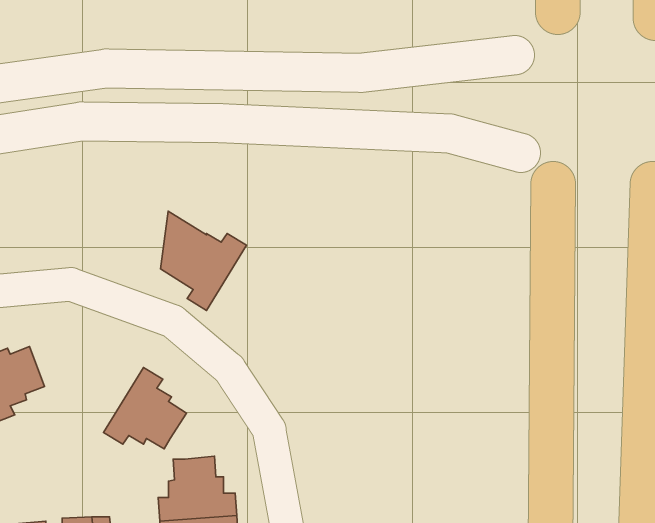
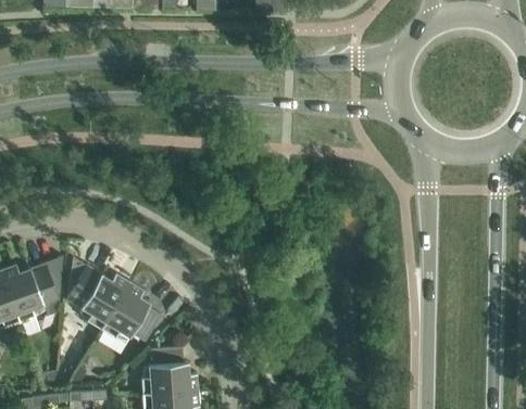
building: [161,211,246,310] -> [66,258,129,331]

